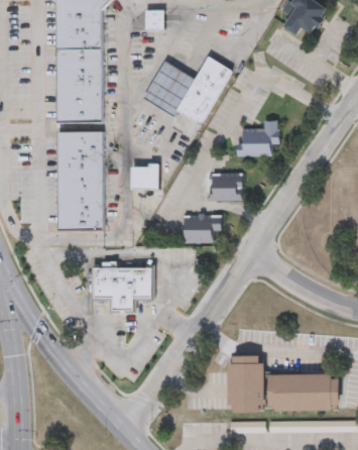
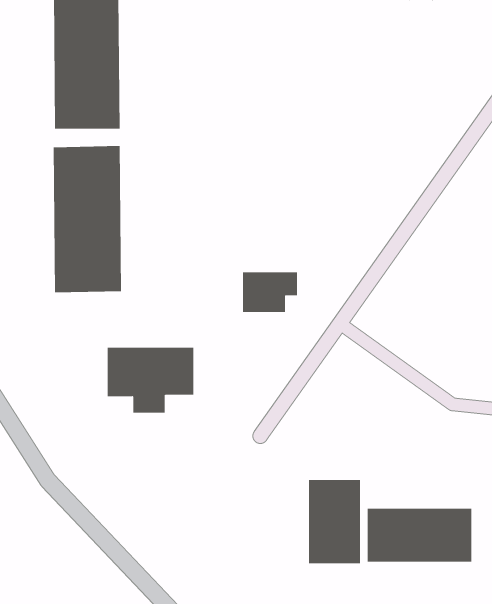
building: [145,57,230,125] -> none
building: [240,120,278,155] -> none
building: [131,165,158,189] -> none
building: [210,174,242,201] -> none

